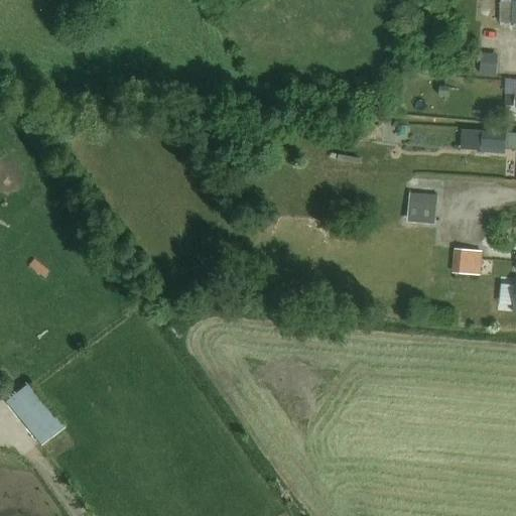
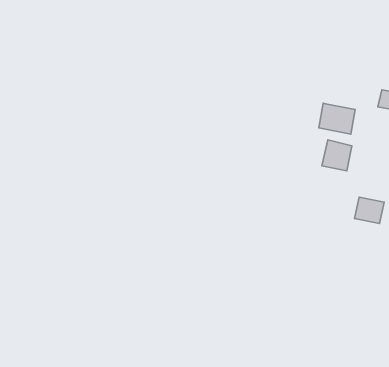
building: none -> [319,103,355,134]

